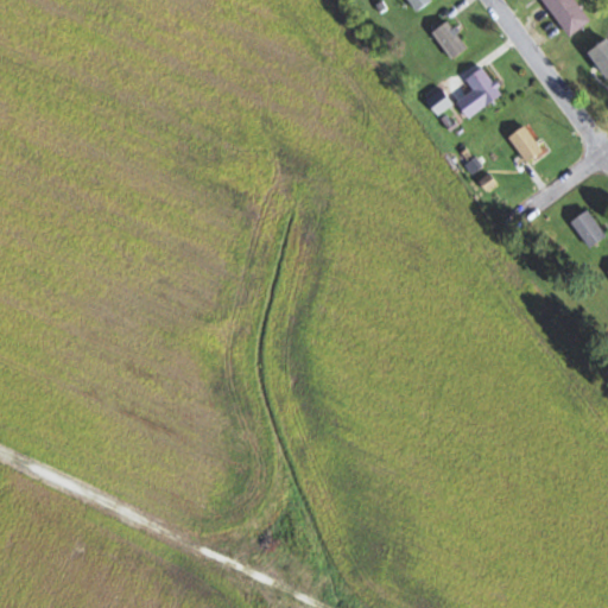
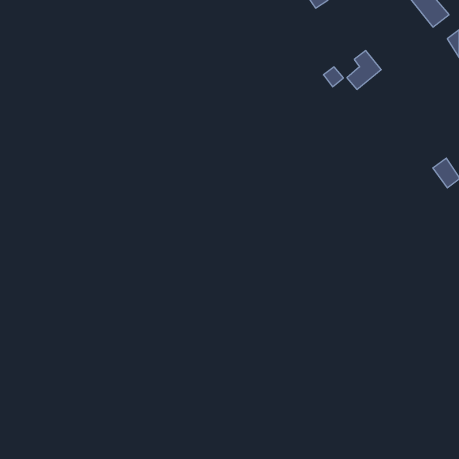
building: [431,20,467,58] -> none
building: [508,125,542,163] -> none

